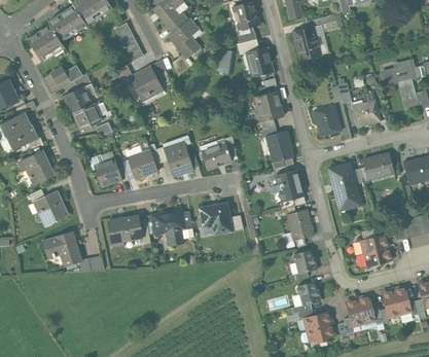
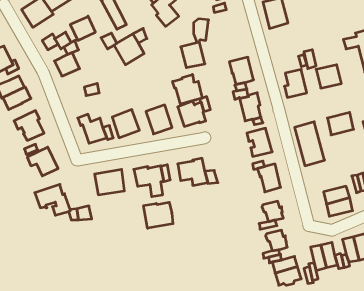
building: [247,47,274,75] -> [181,42,205,68]
building: [73,103,101,130] -> [70,16,95,40]
building: none -> [173,74,202,104]
building: none -> [144,202,173,228]

